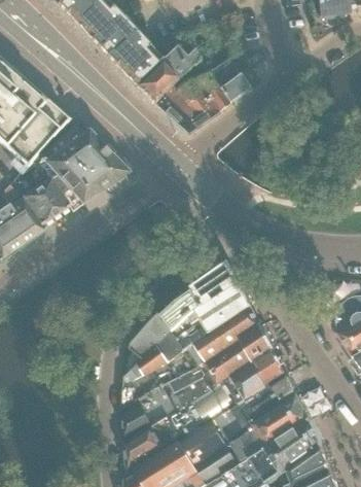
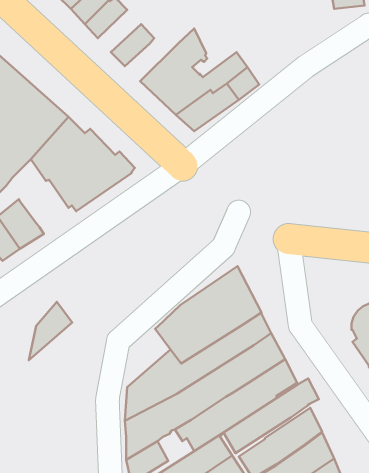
building: [96,16,137,57] -> none
building: [121,48,163,84] -> none
building: [8,159,68,223] -> none
building: [123,320,165,376] -> [29,302,72,360]

